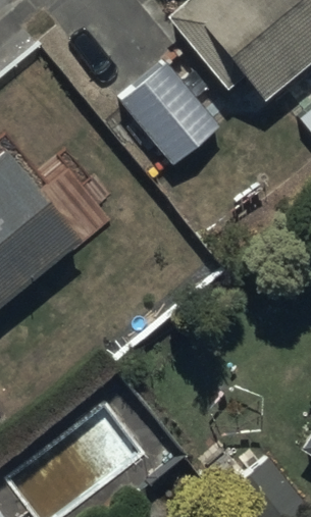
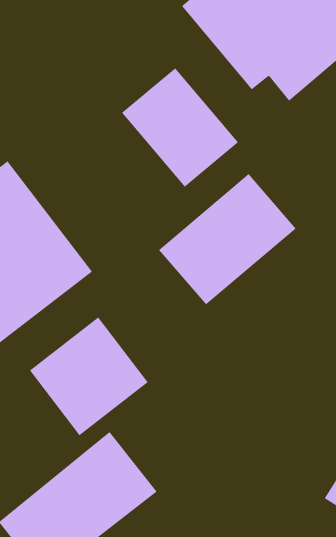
building: none -> [158,173,296,305]
building: none -> [29,317,149,436]

